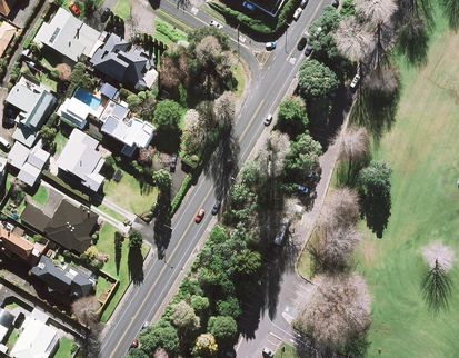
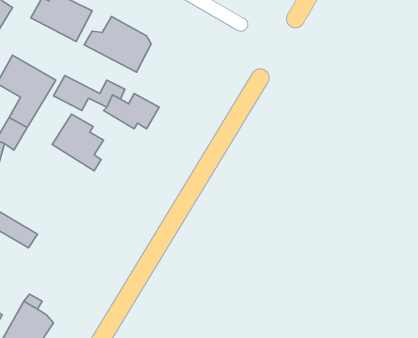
building: [14,146,48,186] -> none
building: [20,198,98,251] -> none
building: [34,257,100,298] -> none

